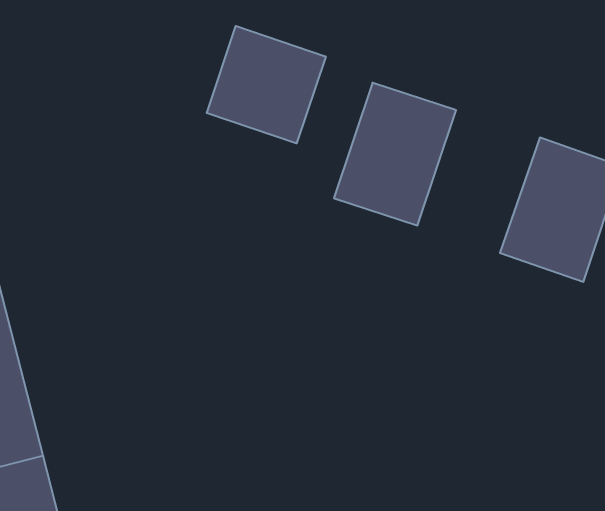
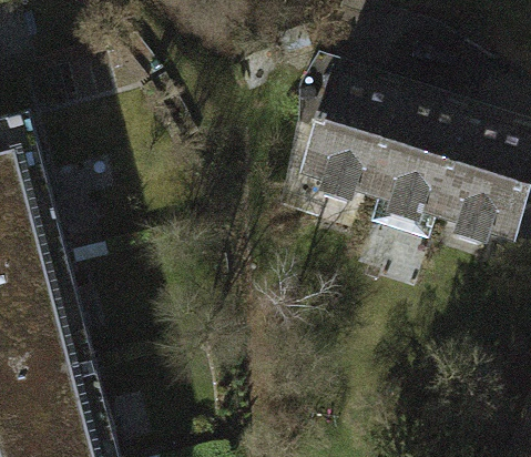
building: [207,26,326,143] -> none
building: none -> [376,110,474,225]

